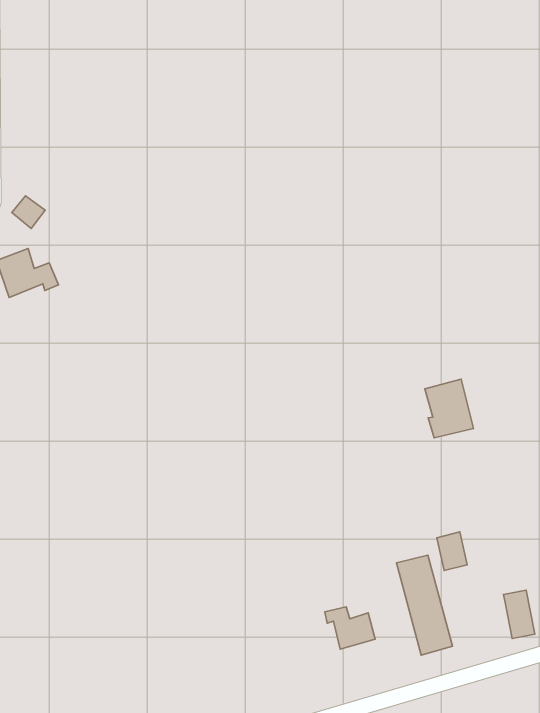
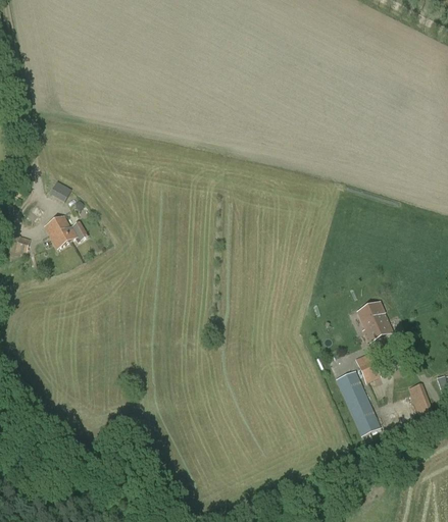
building: [425,379,474,438] -> [356,301,392,342]
building: [325,607,375,649] -> none

